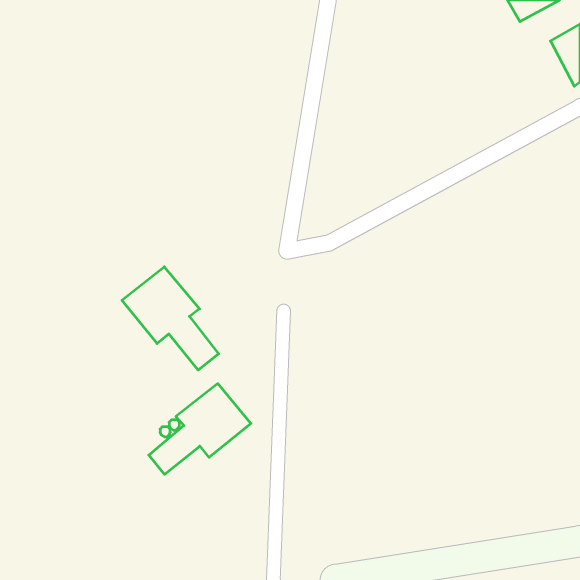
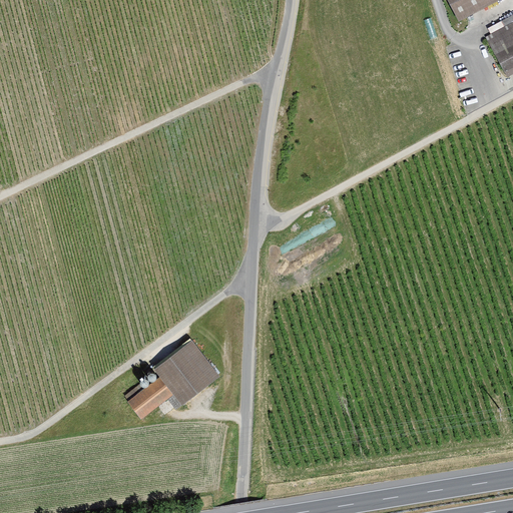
building: [122,267,219,370] -> none

